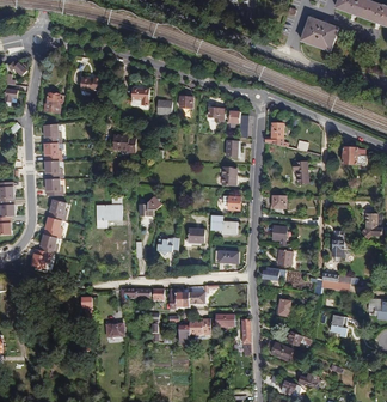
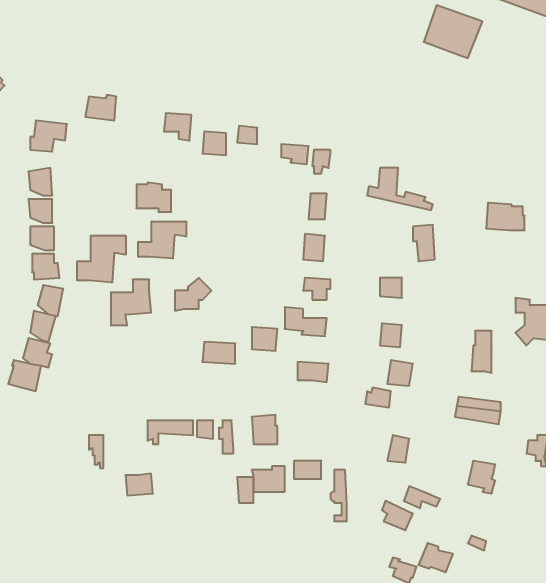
building: none -> [138,221,186,259]
building: none -> [77,236,126,283]

